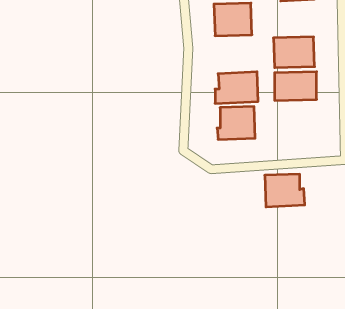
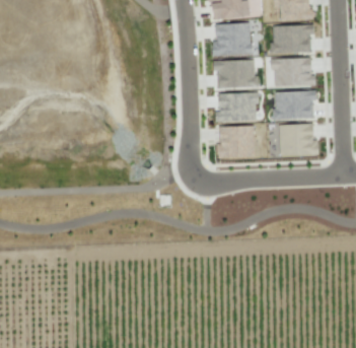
building: none -> [271,25,314,54]
building: none -> [214,60,257,89]
building: [265,174,305,207] -> [279,124,318,156]

